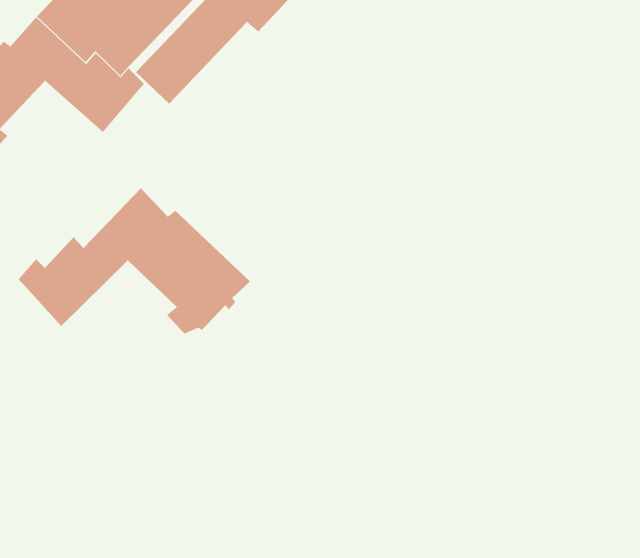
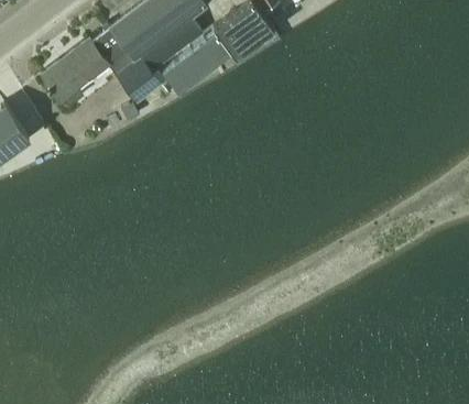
building: [18,188,251,335] -> none

